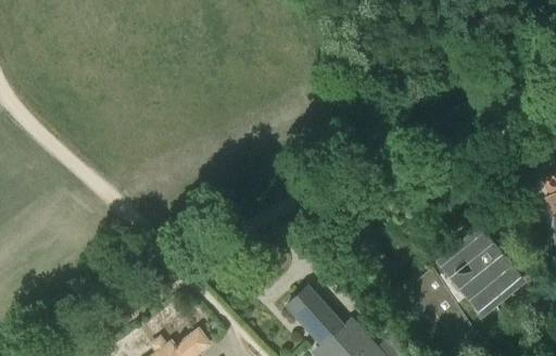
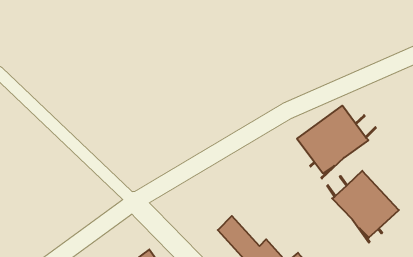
building: none -> [297,106,376,179]

